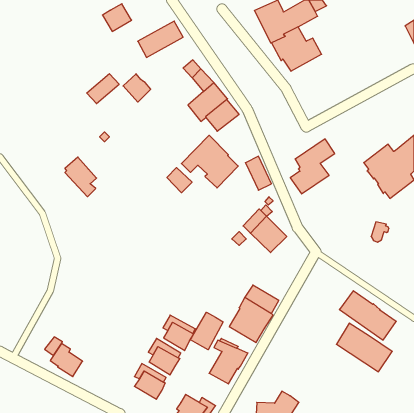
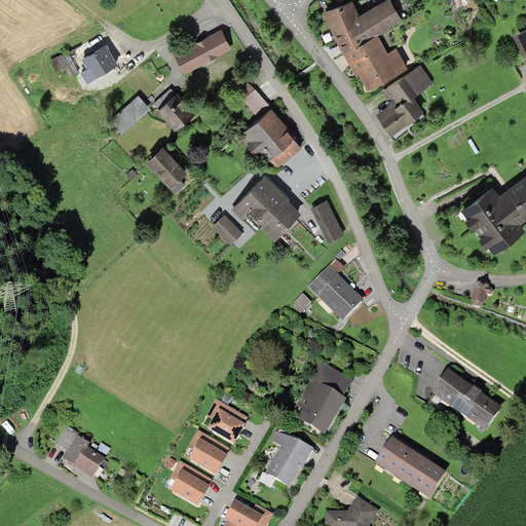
building: [102,4,132,31] -> [81,43,118,78]
building: [290,139,335,194] -> [376,67,433,137]
building: [65,157,97,197] -> [147,144,187,194]
building: [190,312,223,350] -> none
building: [336,323,392,372] -> [375,438,446,499]

